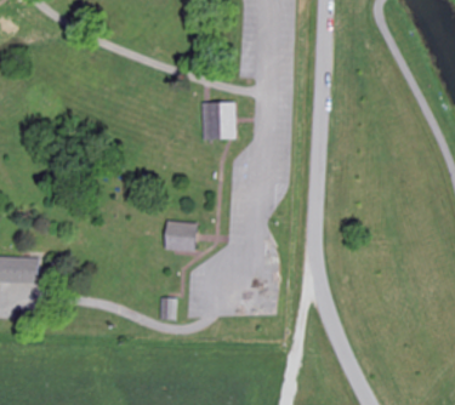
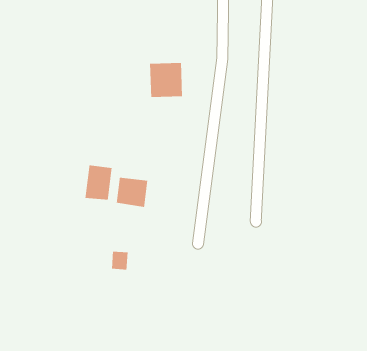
building: none -> [84,164,113,200]

